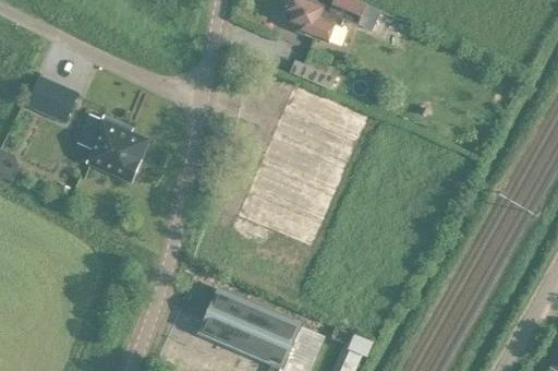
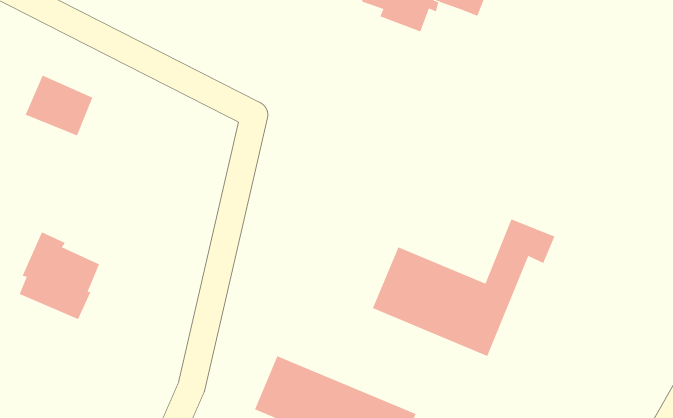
building: [85,113,147,181] -> [19,232,100,320]
building: none -> [372,219,555,357]

